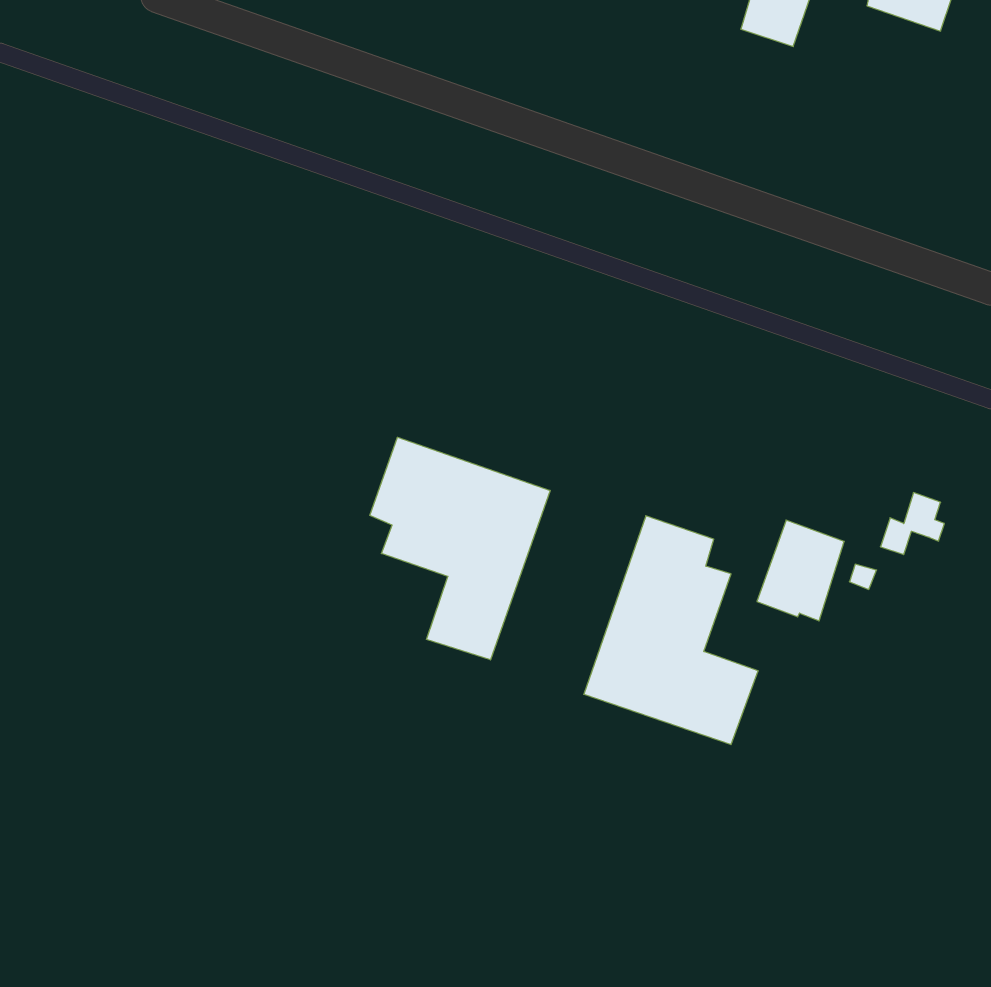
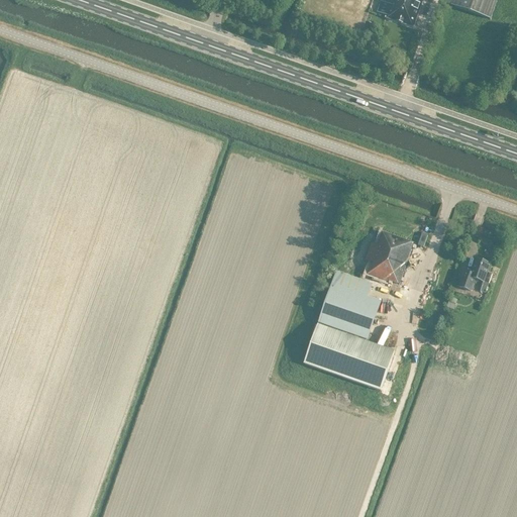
building: [370,437,550,660] -> none
building: [757,520,844,621] -> [367,229,412,282]

